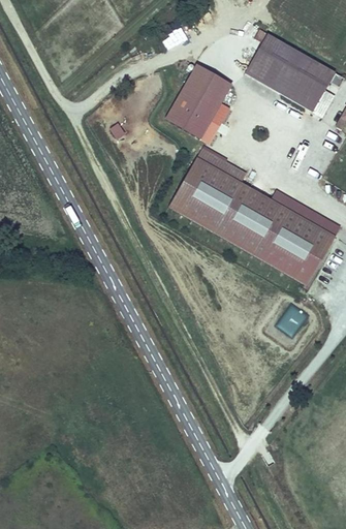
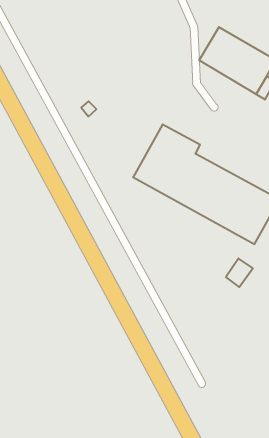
building: [165,65,230,139] -> none

